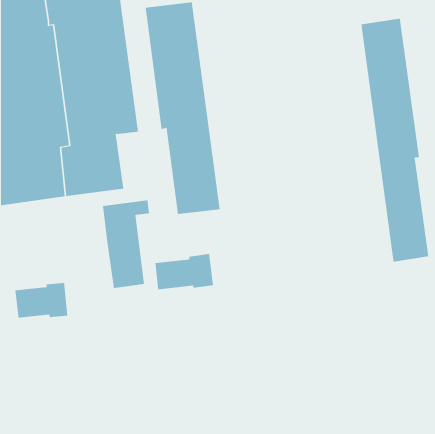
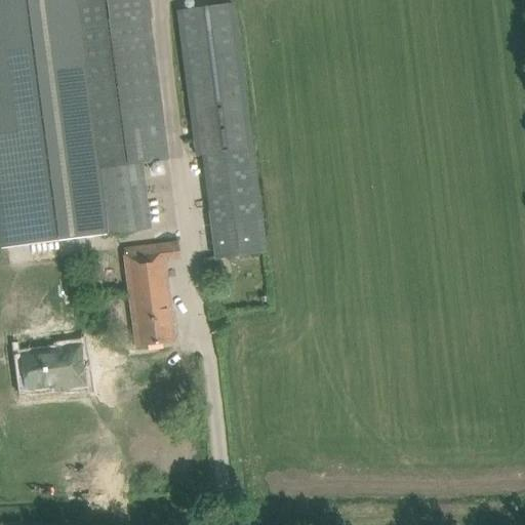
building: [361,18,429,263] -> none
building: [155,253,214,290] -> none

